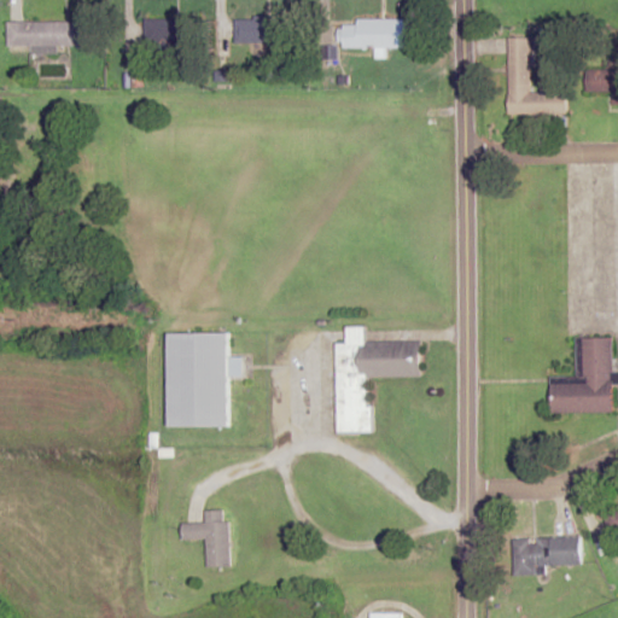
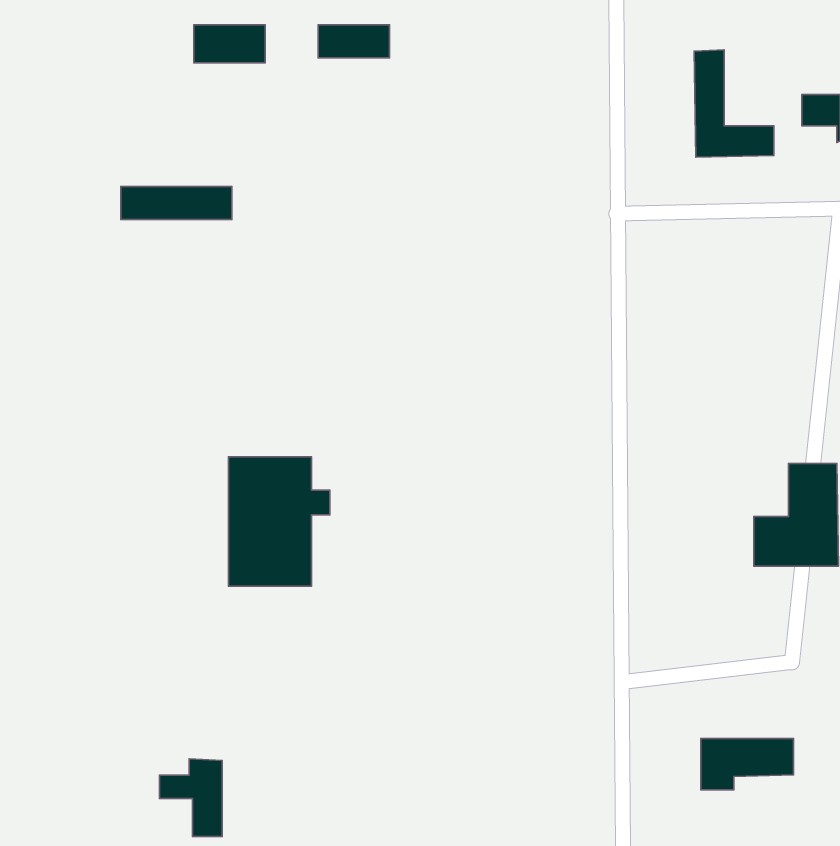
building: [340,21,406,47] -> none
building: [5,22,86,46] -> [121,186,232,219]
building: [333,327,419,433] -> none
building: [180,511,226,567] -> [159,759,222,837]

